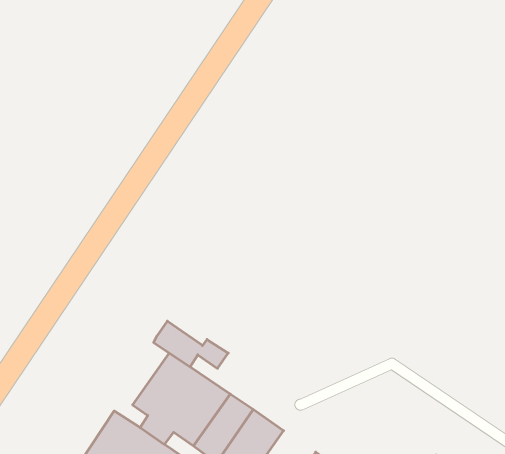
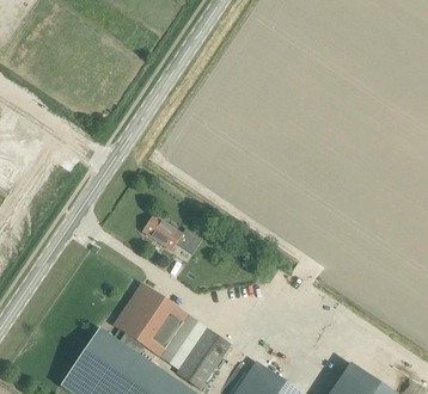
building: [154,321,228,368] -> [143,214,202,251]

